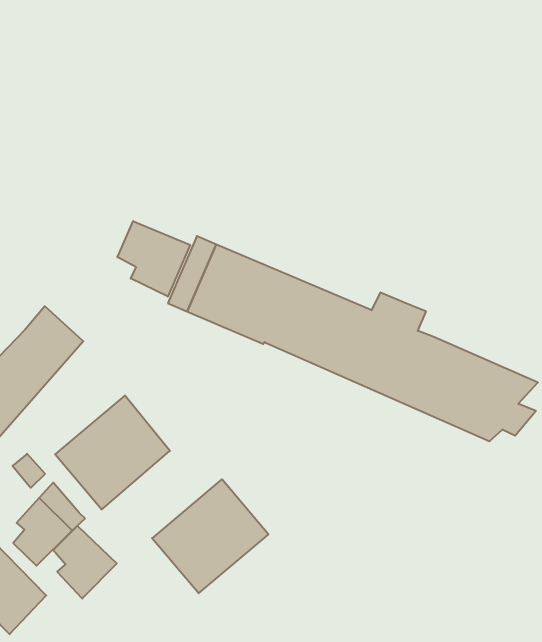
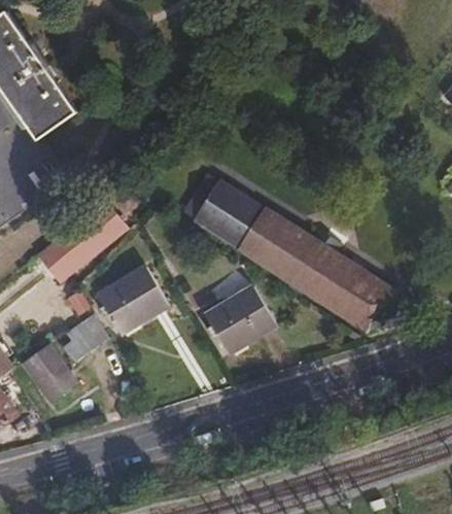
building: [117,221,190,297] -> none
building: [152,479,268,593] -> [203,285,276,354]
building: [53,526,117,599] -> none

